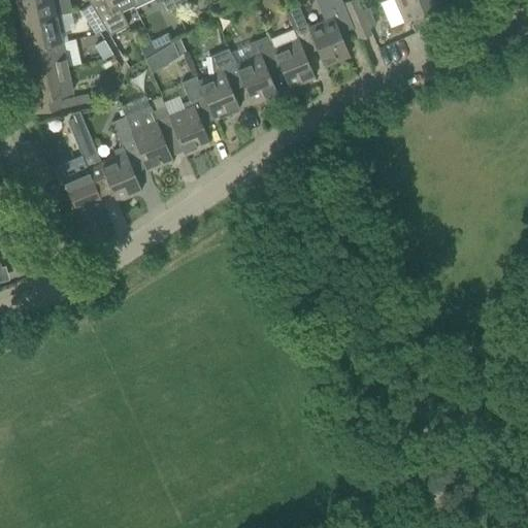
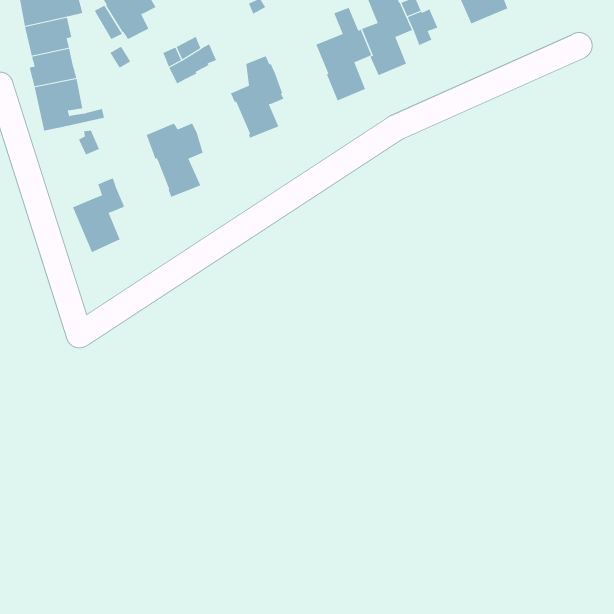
building: [237,35,282,103] -> none
building: [170,75,214,154] -> none
building: [101,116,146,200] -> none

